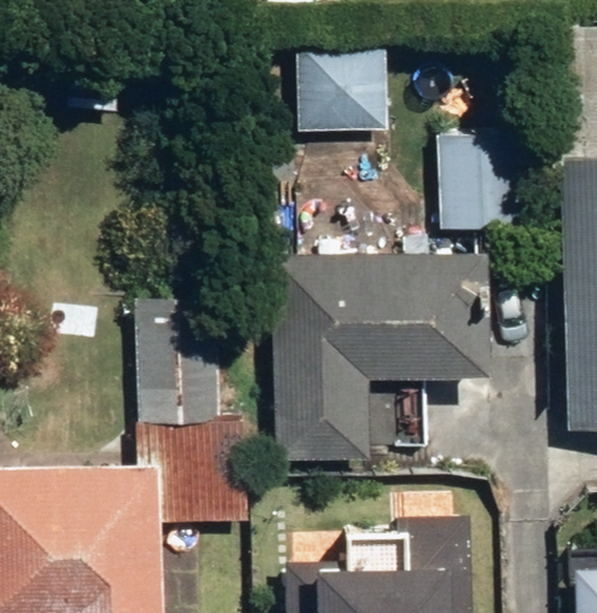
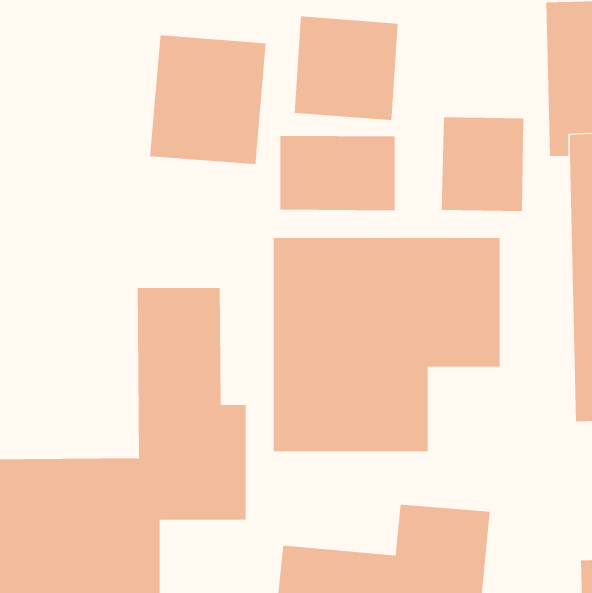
building: none -> [150,35,266,165]
building: none -> [280,135,395,211]

